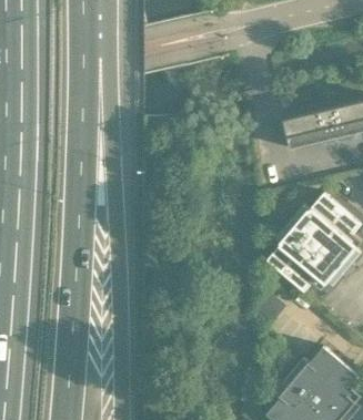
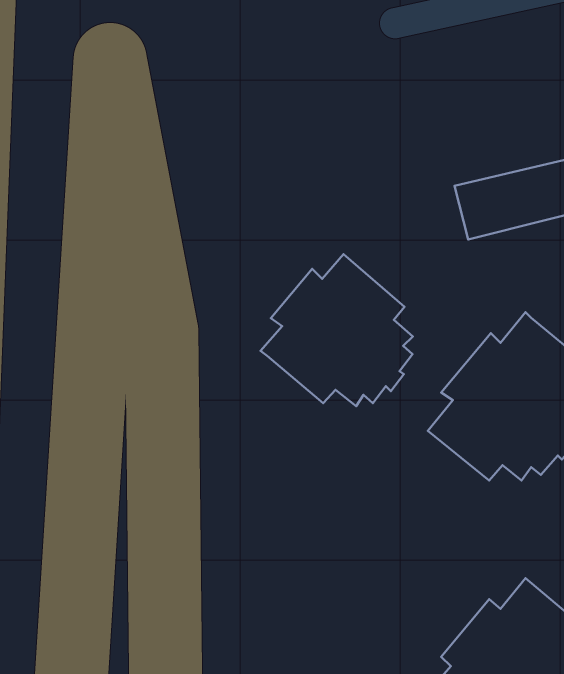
building: none -> [261,254,413,406]

